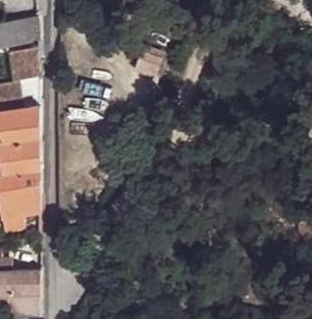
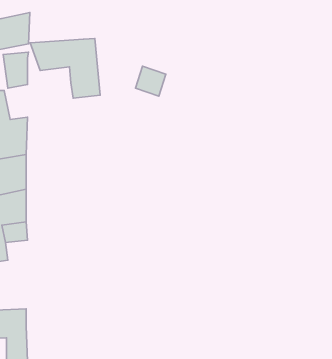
building: none -> [30,39,100,98]

